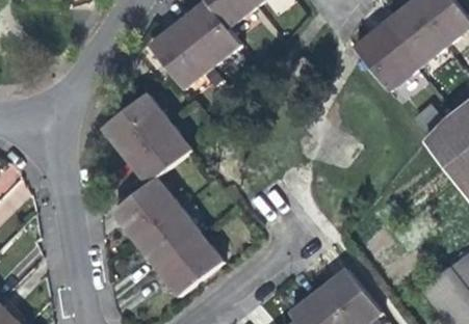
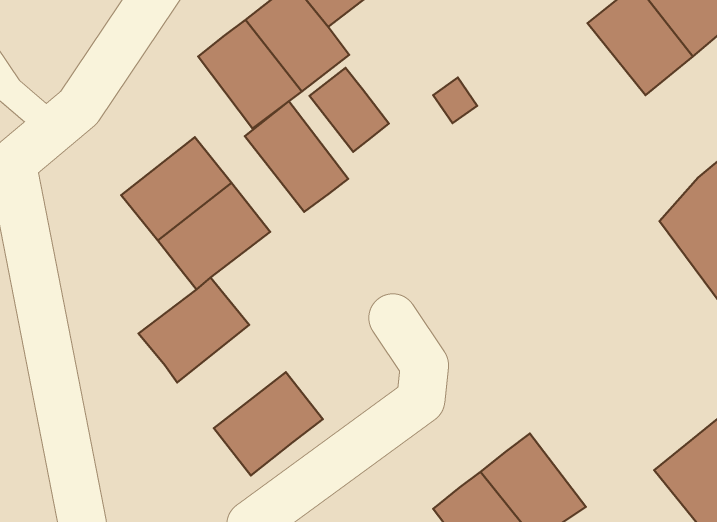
building: [353,26,415,91] -> none
building: none -> [310,68,389,152]
building: none -> [245,101,348,212]
building: [137,205,202,266] -> none

